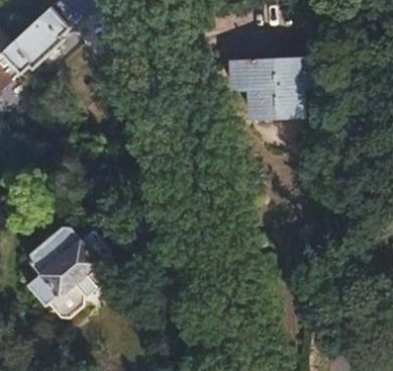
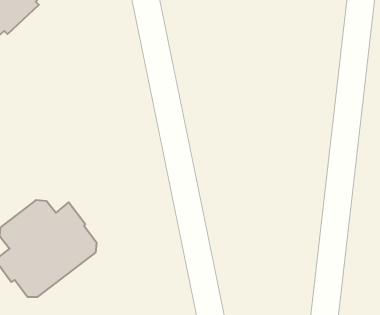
building: [233,58,319,117] -> none

